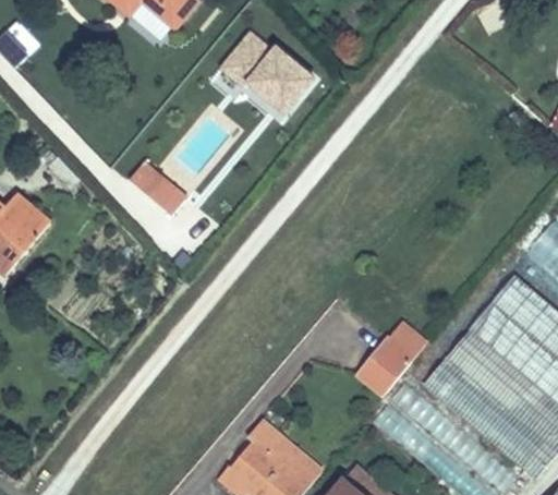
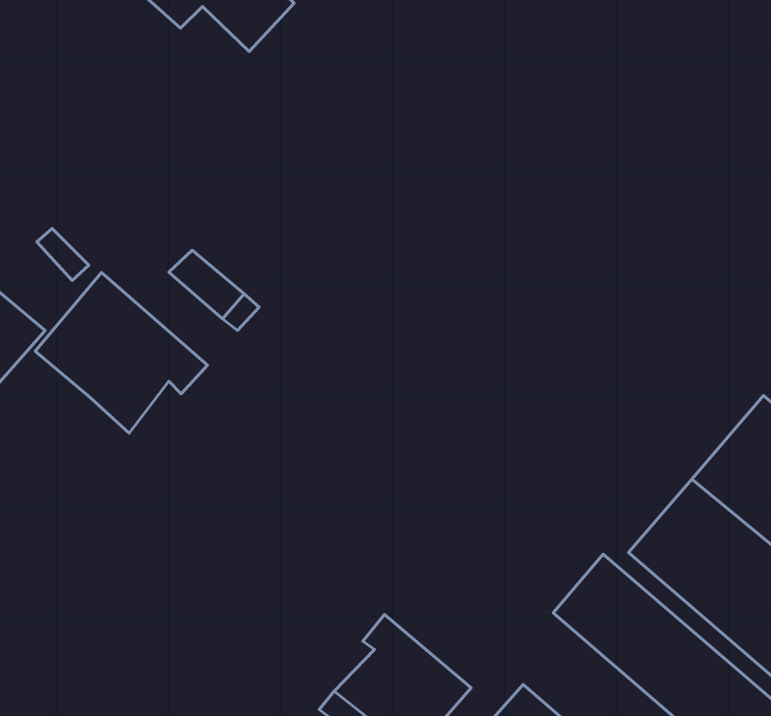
building: [211,27,318,122] -> none
building: none -> [35,272,207,433]
building: [364,337,412,389] -> none

